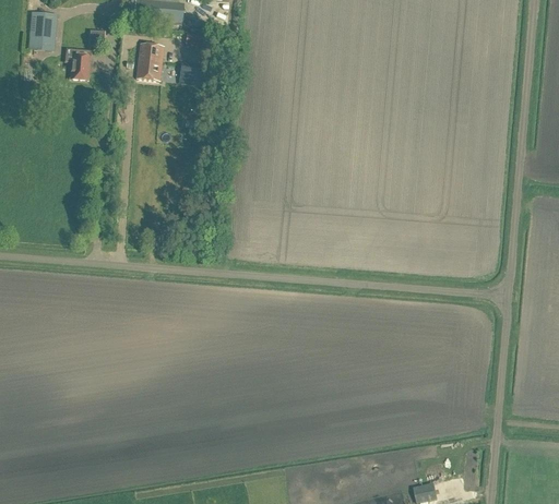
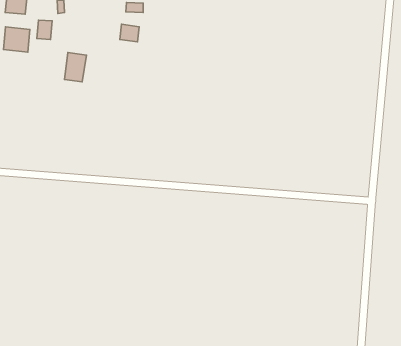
building: [136,43,165,81] -> [65,53,86,82]
building: none -> [3,27,30,52]

